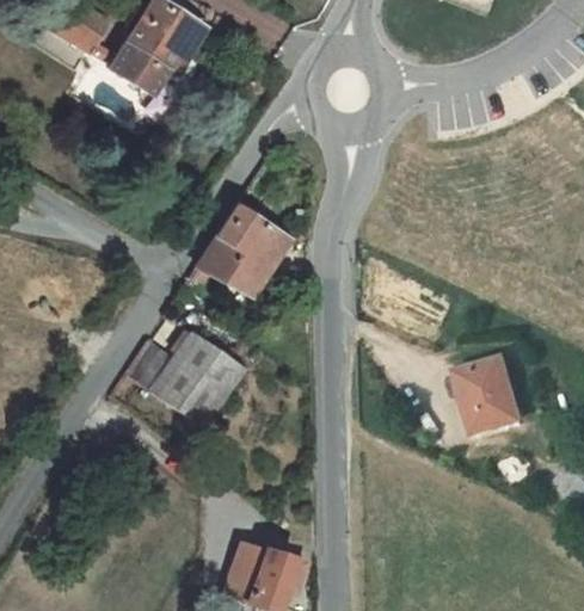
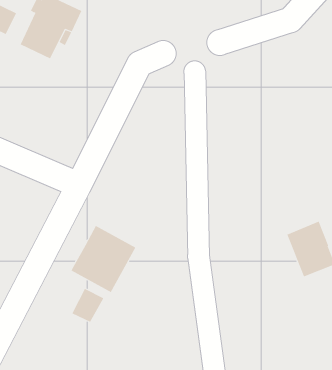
building: [191,206,287,295] -> none
building: [125,339,173,388] -> [72,288,104,323]

